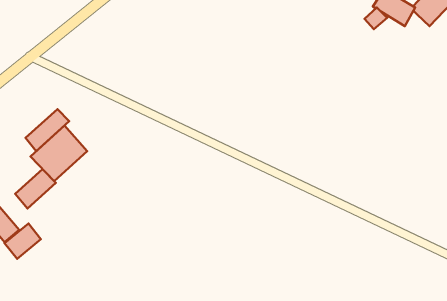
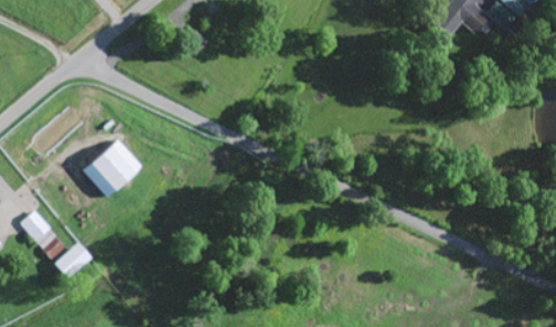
building: [26,109,69,151] -> none
building: [15,169,56,209] -> none

